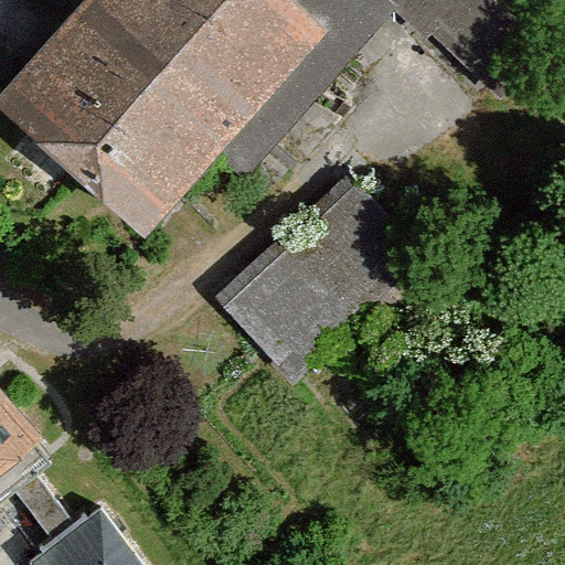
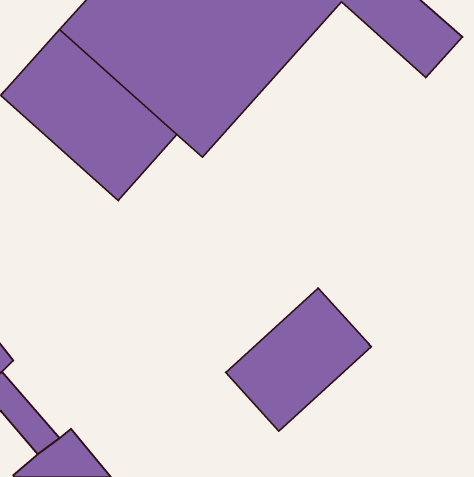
building: [211,169,414,365] -> none
building: none -> [226,288,371,431]

